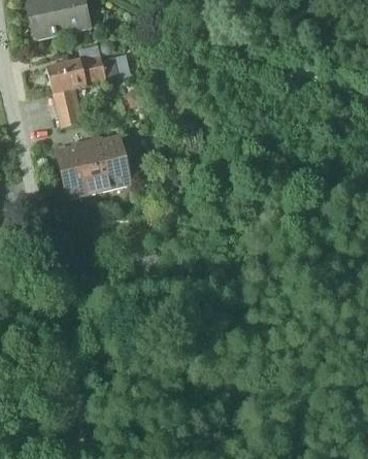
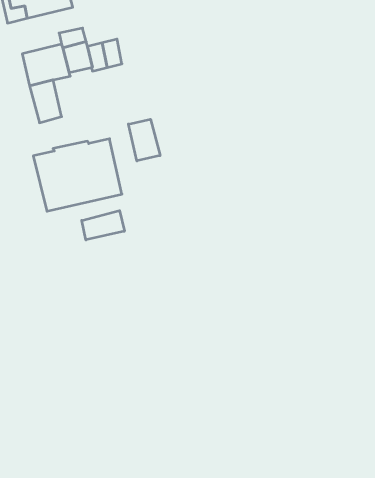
building: none -> [128,119,160,161]
building: none -> [82,211,124,240]

